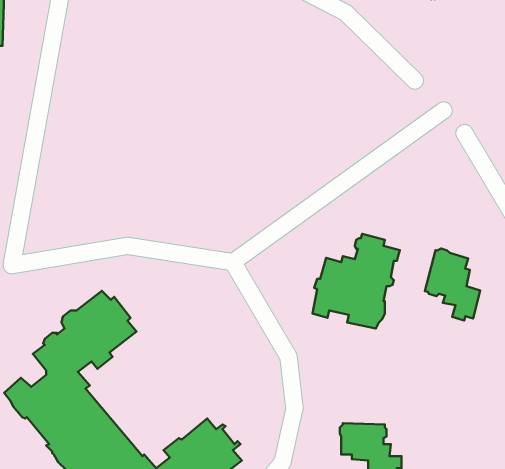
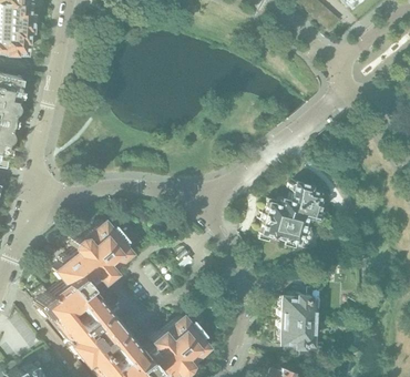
building: [425,249,480,320] -> none
building: none -> [280,275,322,320]

